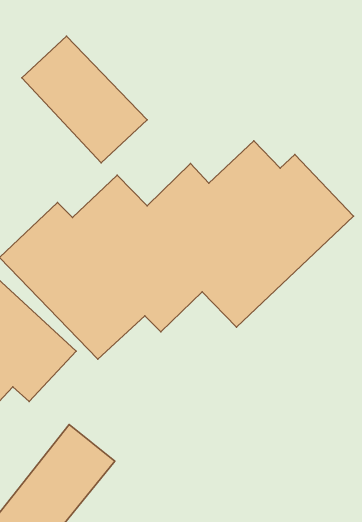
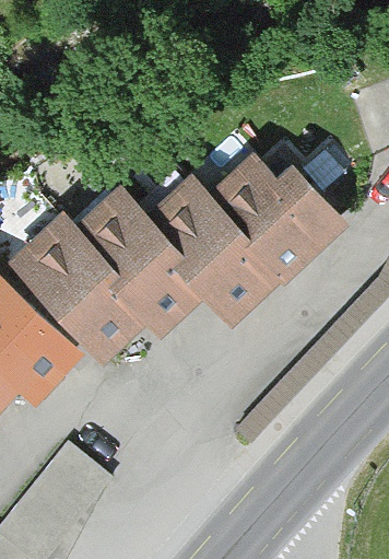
building: [22,36,147,163] -> none

